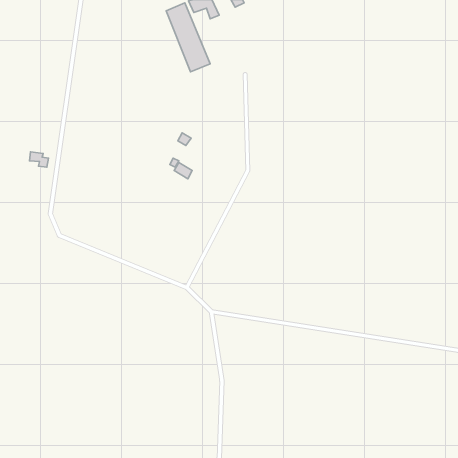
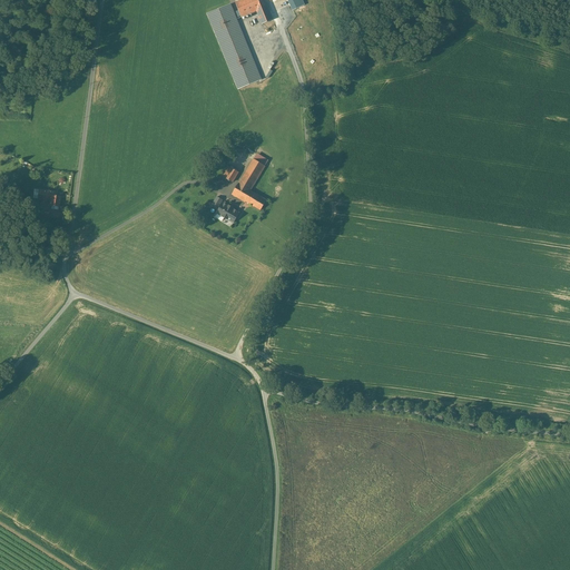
building: none -> [230,157,266,210]

